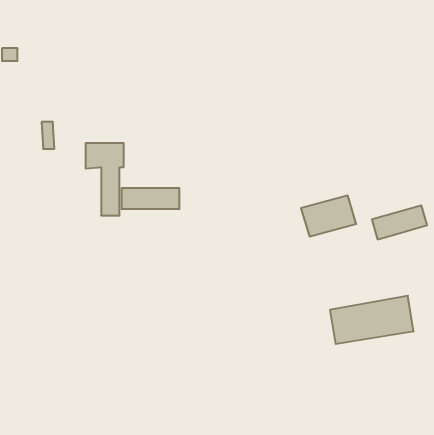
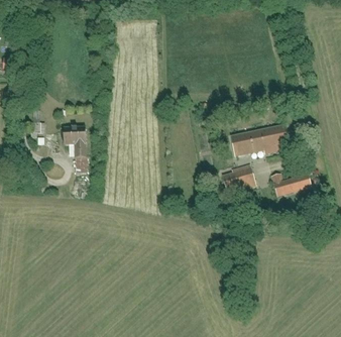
building: [122,188,179,209] -> none
building: [330,296,414,344] -> [226,124,286,158]

